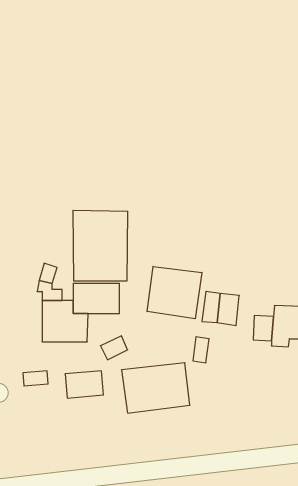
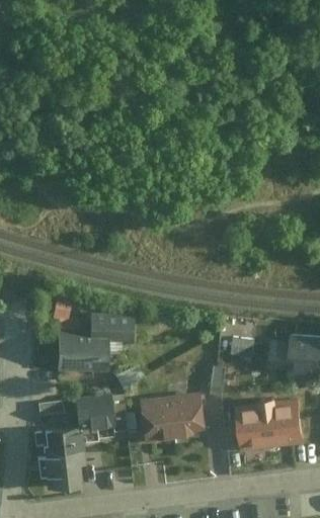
building: [73,210,128,281] -> none
building: [147,266,202,319] -> none
building: none -> [234,399,303,450]
building: none -> [37,428,84,488]

